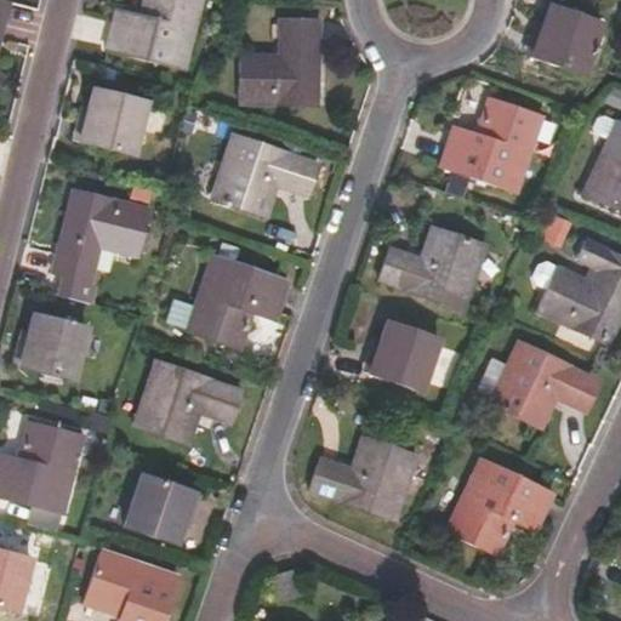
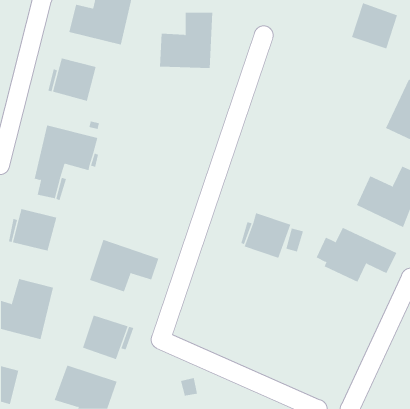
building: [439,96,542,192] -> none
building: [212,132,319,213] -> none
building: [378,227,484,307] -> none
building: [187,252,292,348] -> none
building: [309,438,416,518] -> none
building: [445,456,556,556] -> none

